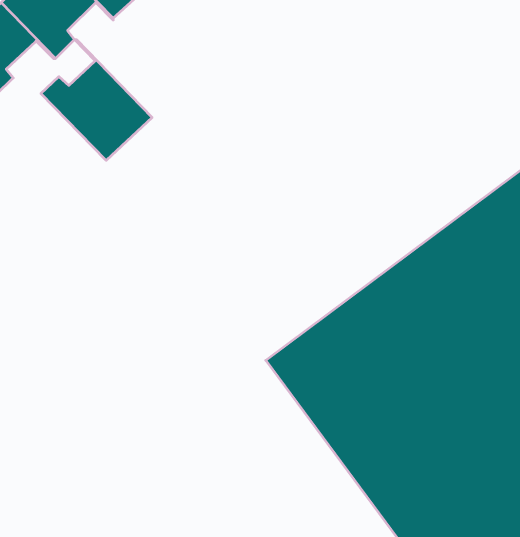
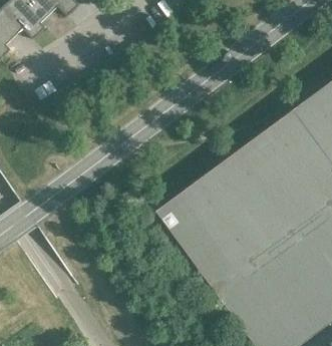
building: [41,39,152,160] -> none

